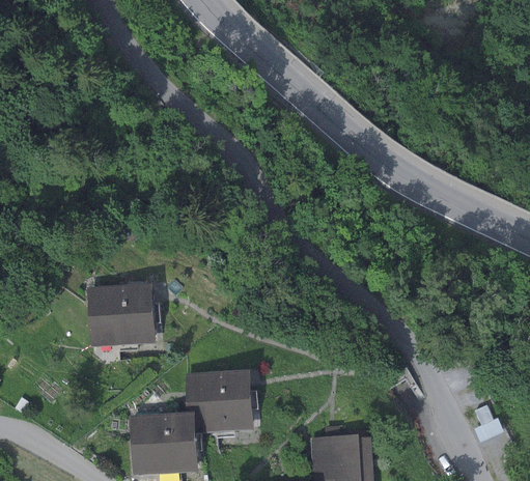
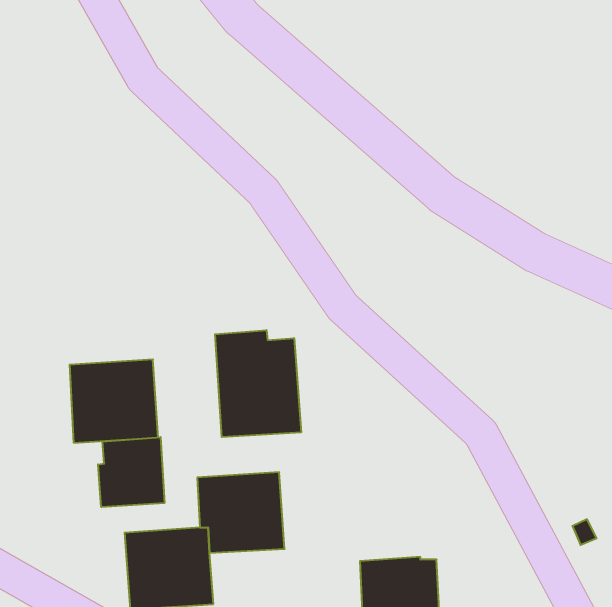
building: none -> [215,330,301,437]
building: none -> [98,437,164,507]

